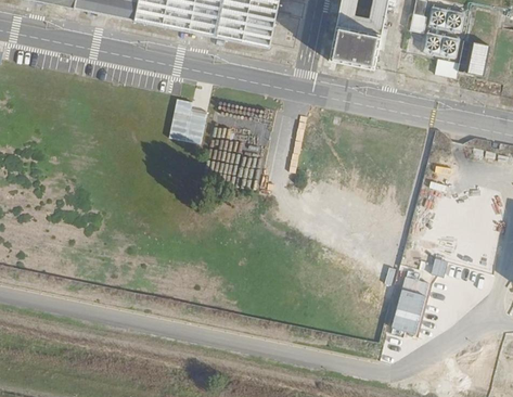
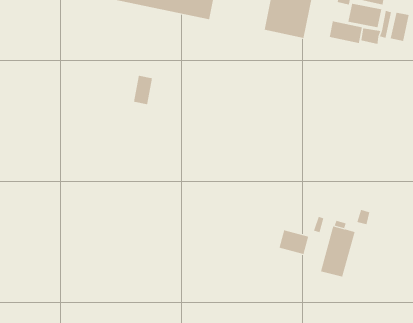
building: none -> [329,20,362,44]
building: [168,97,192,138] -> none
building: none -> [279,229,309,255]

